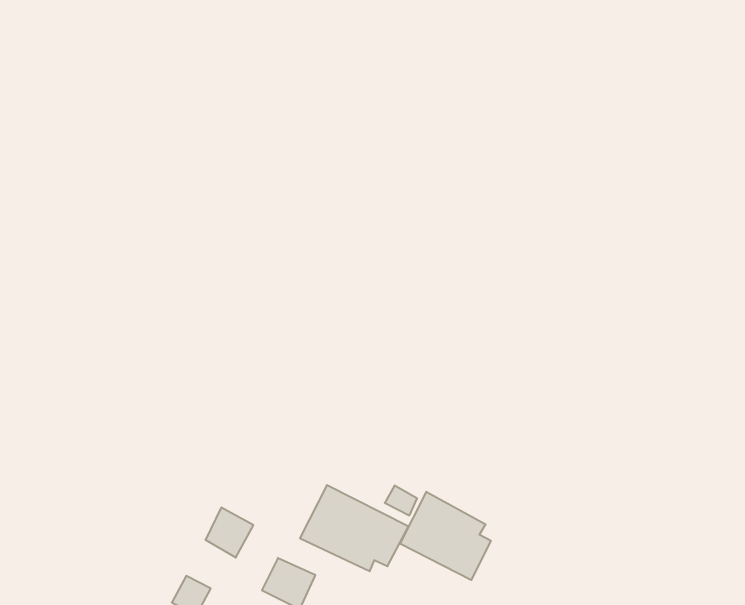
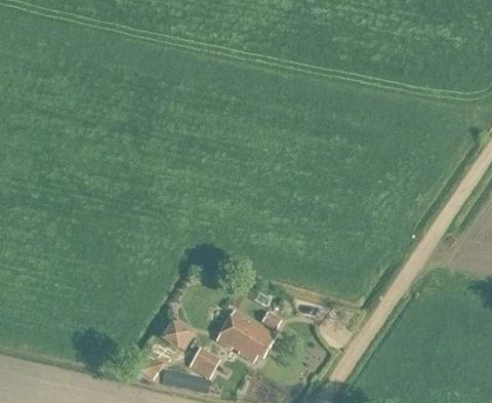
building: [400,492,491,580] -> none

